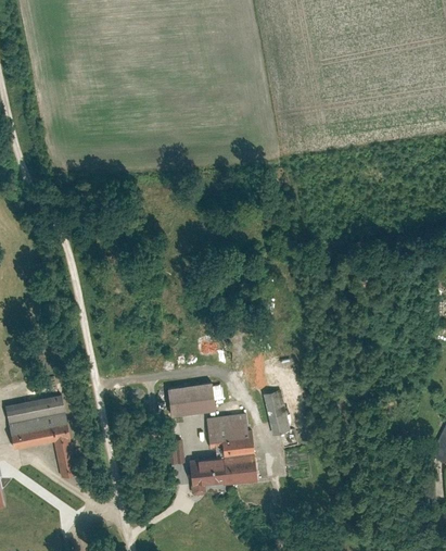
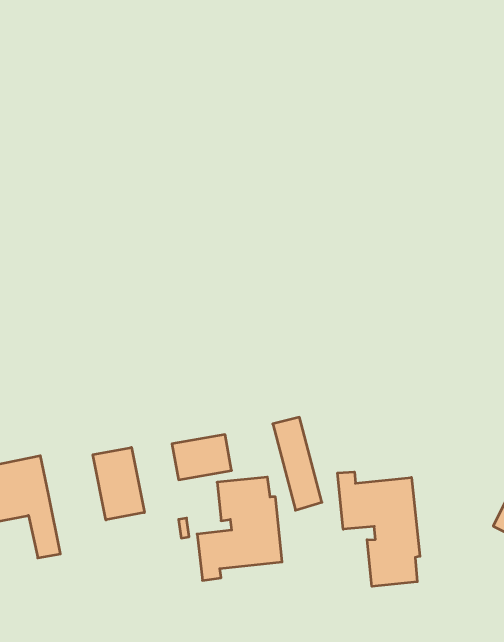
building: none -> [93,447,144,520]
building: none -> [338,472,420,586]

